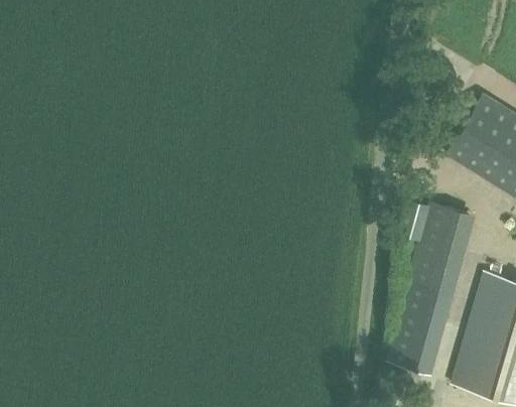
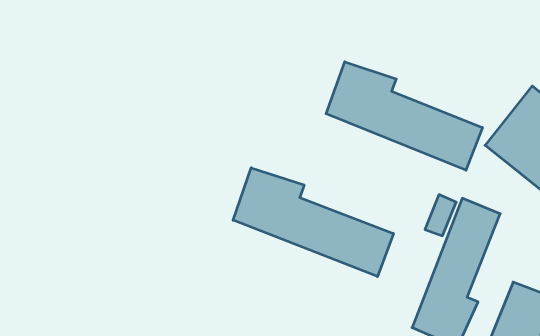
building: none -> [326,62,482,170]
building: none -> [233,168,393,277]

